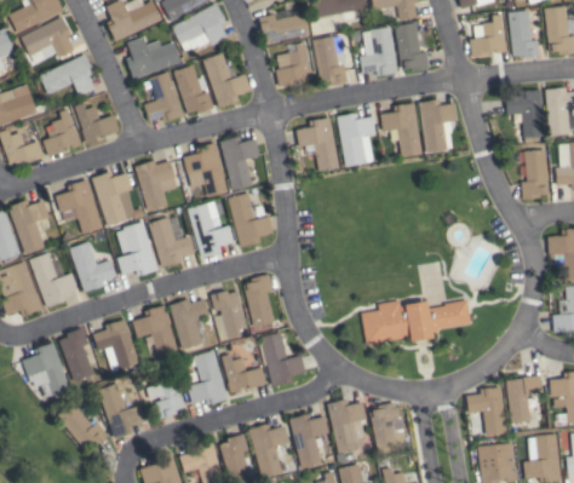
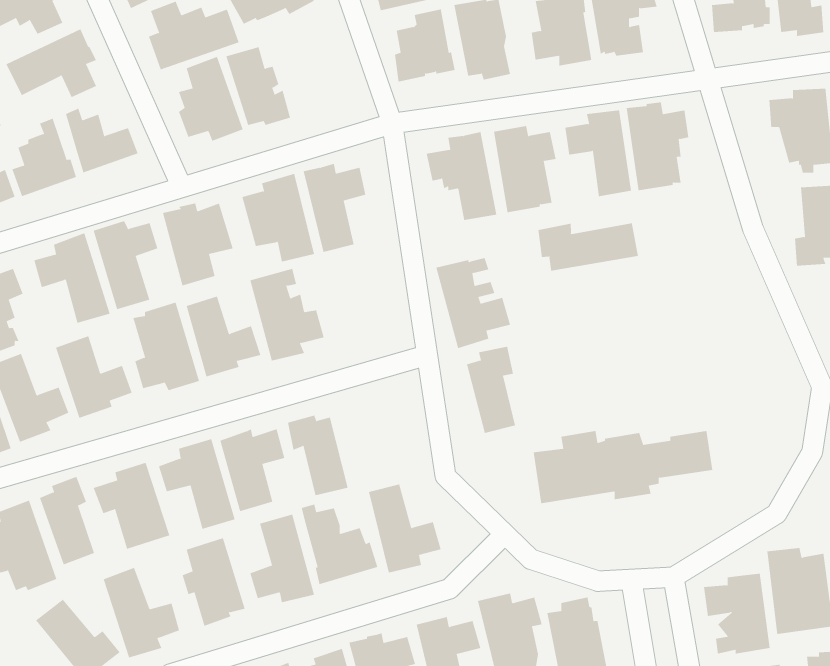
building: [202,53,251,109] -> none
building: none -> [538,223,638,271]
building: [228,192,274,248] -> [436,258,511,349]
building: [243,275,274,328] -> [466,346,516,433]

